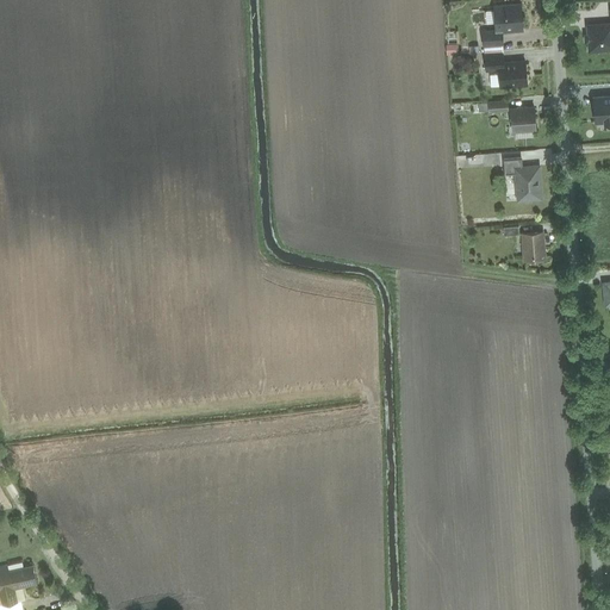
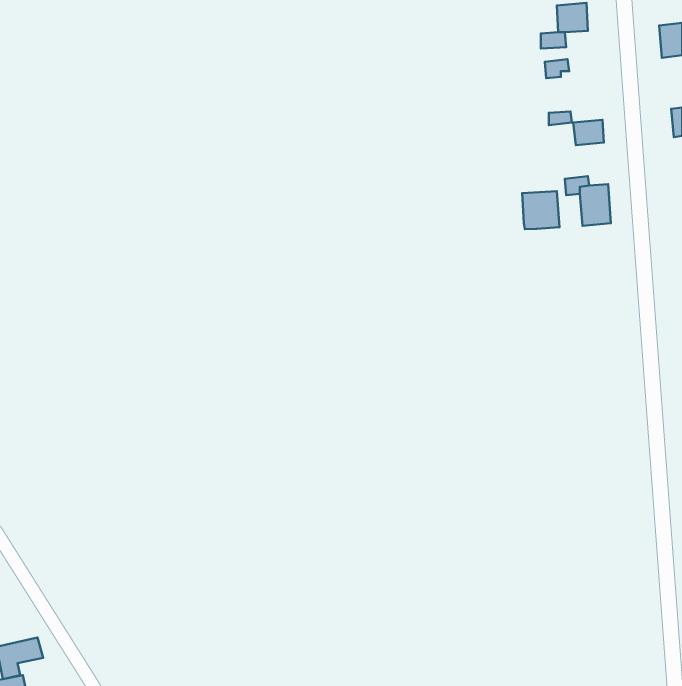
building: [497,62,528,86] -> none
building: none -> [522,191,560,229]
building: [521,231,546,260] -> none

